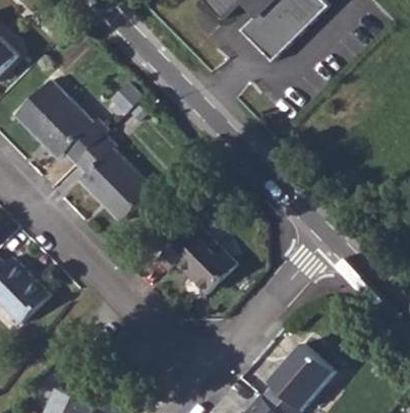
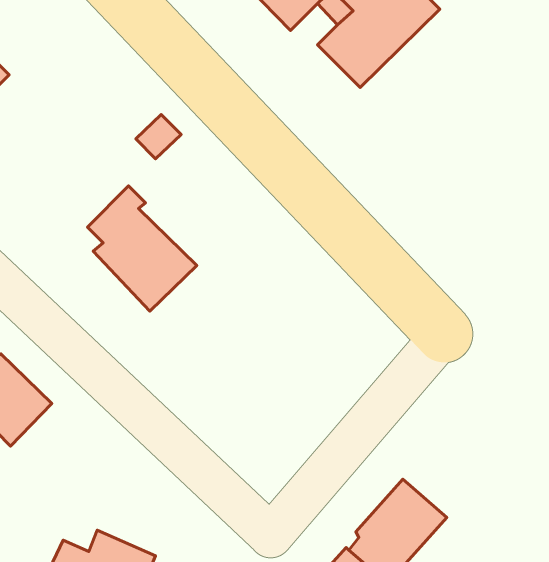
building: [16,81,108,164] -> none
building: [155,230,237,295] -> none

